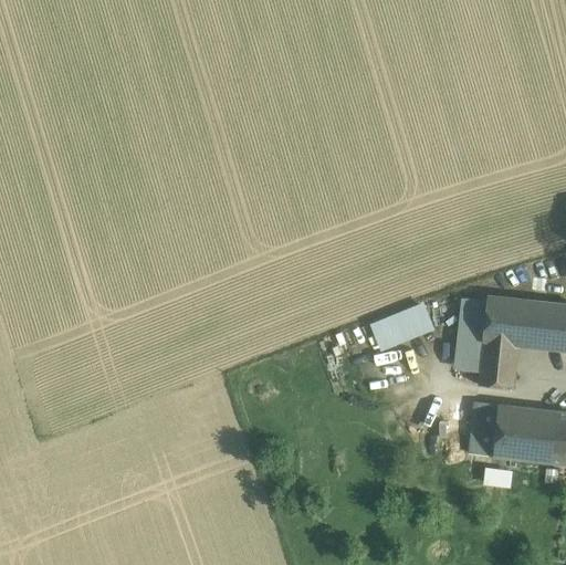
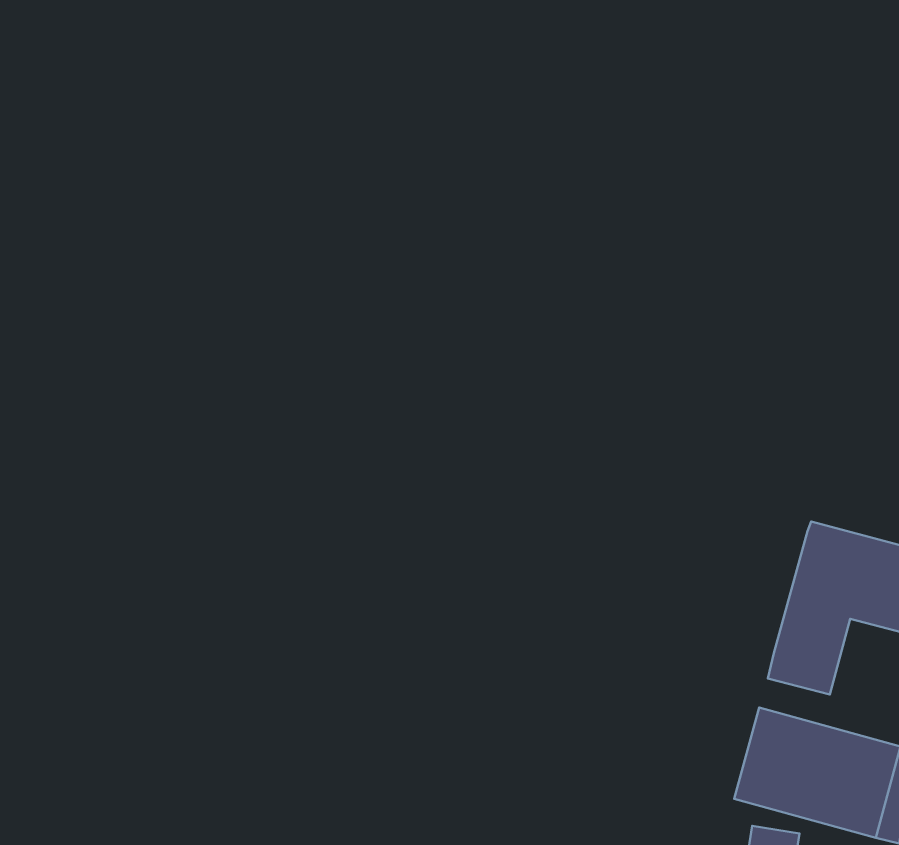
building: [458,299,488,372] -> none
building: [370,302,434,349] -> none

